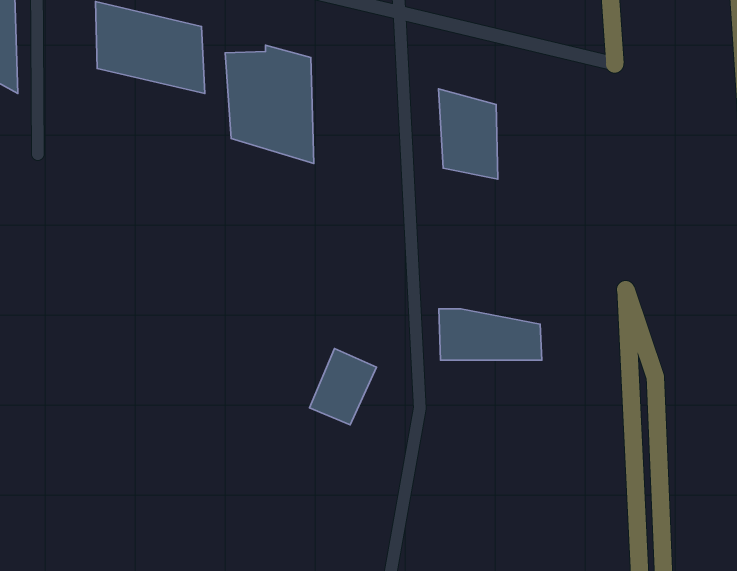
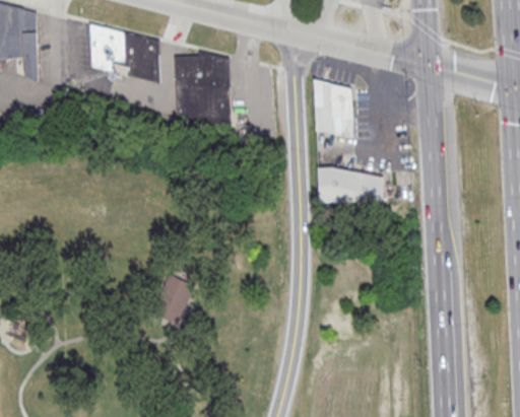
building: [439,309,542,360] -> [317,168,384,202]
building: [310,349,377,425] -> [150,274,194,324]

